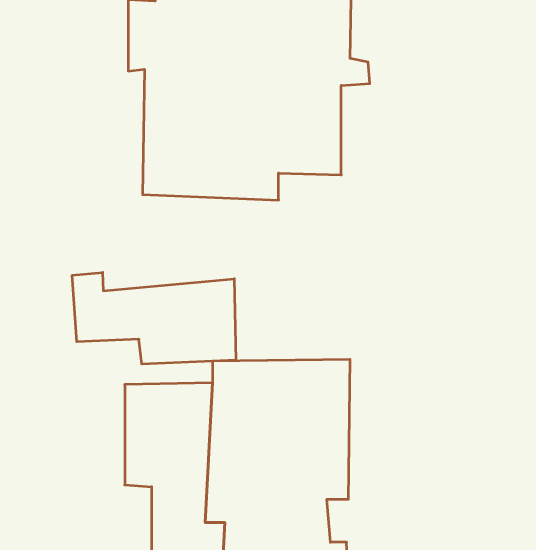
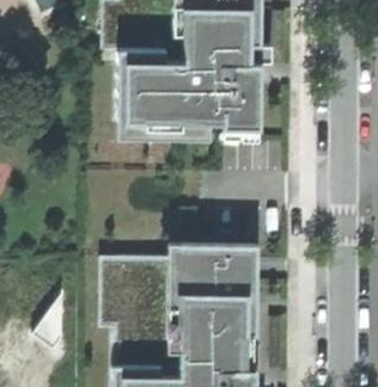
building: [72,272,236,364] -> none

